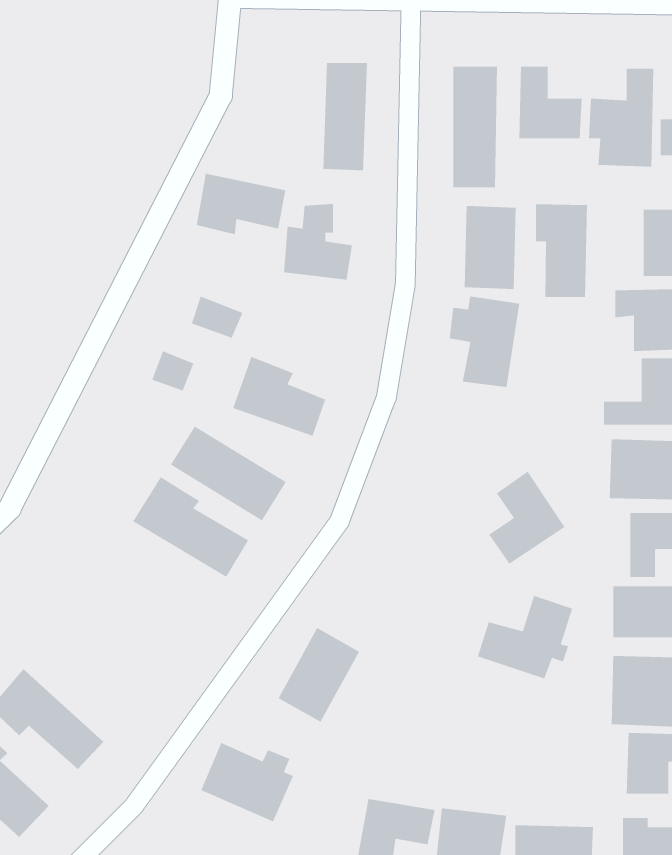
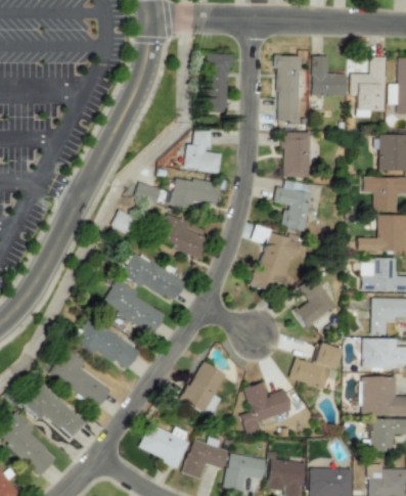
building: [196,173,286,235] -> [172,176,221,210]
building: [535,203,588,298] -> none
building: none -> [253,232,302,295]
building: none -> [75,317,139,371]
building: none -> [50,349,111,409]
building: none -> [241,382,291,435]
building: none -> [183,437,229,479]

